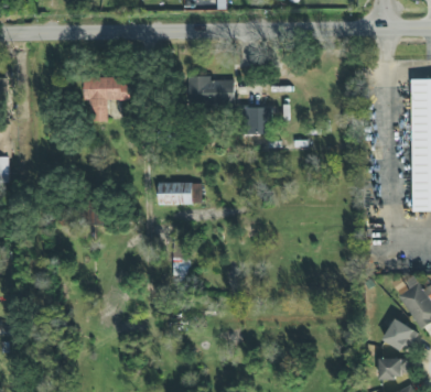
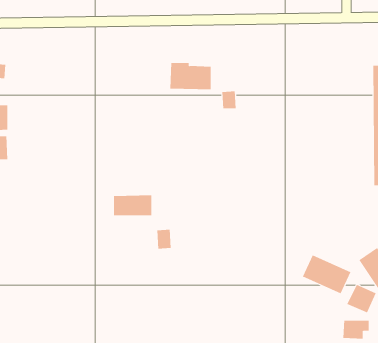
building: [83,76,131,121] -> none
building: [158,182,201,205] -> [113,195,152,216]
building: none -> [302,254,351,294]

